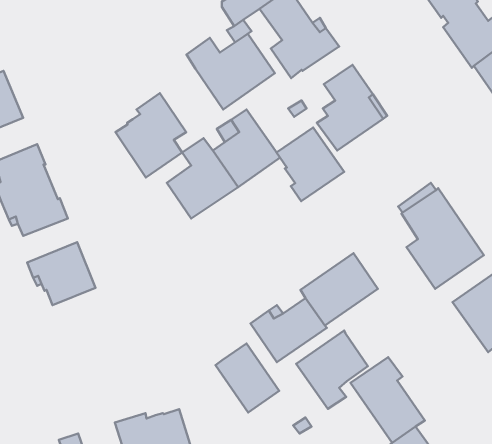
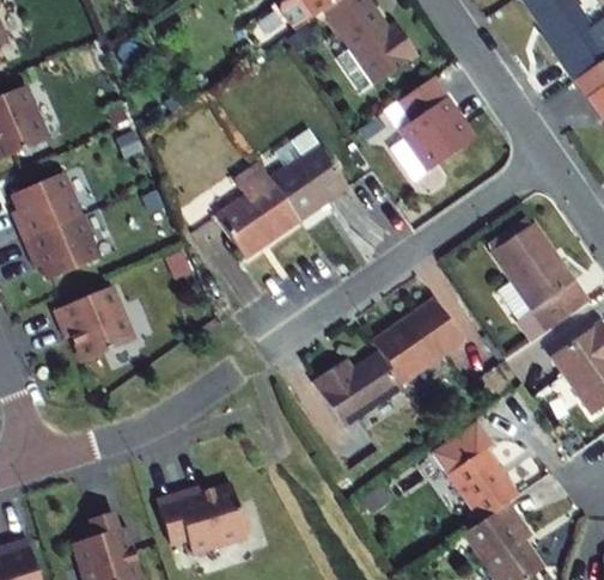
building: [186,34,275,109] -> none
building: [115,93,186,177] -> none
building: [277,127,344,201] -> none
building: [296,331,368,409] -> none
building: [216,344,279,412] -> none

